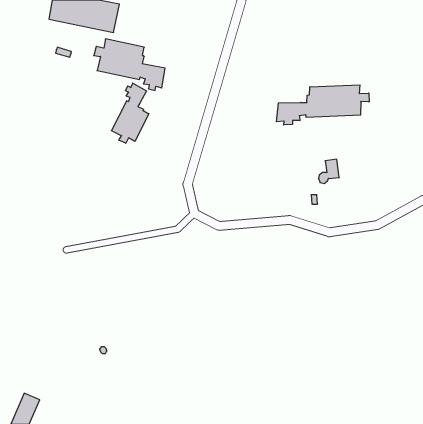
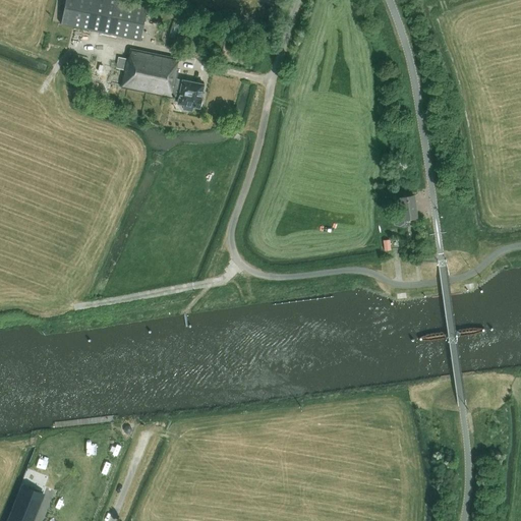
building: [111,83,149,143] -> none
building: [276,85,369,125] -> none

